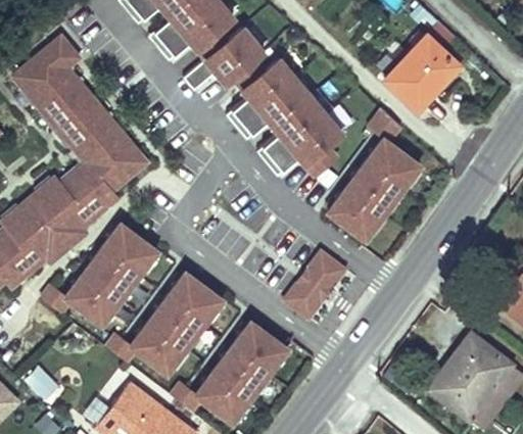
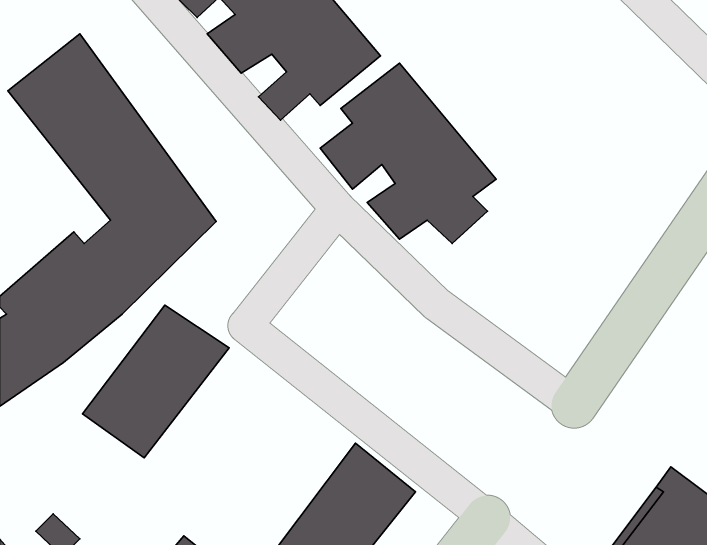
building: [384,36,458,109] -> none
building: [324,107,427,245] -> none
building: [278,246,349,323] -> none
building: [125,270,232,378] -> none

